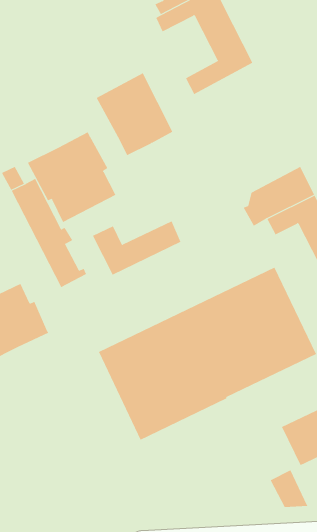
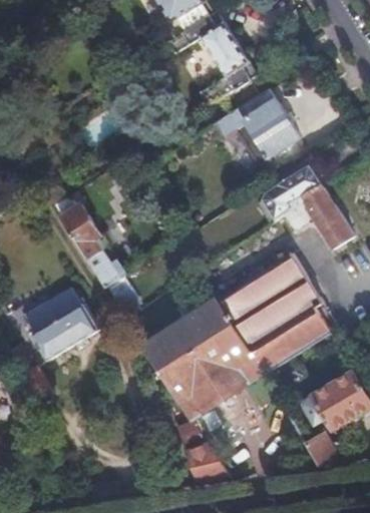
building: [96,73,173,156] -> [229,90,300,165]
building: [27,131,116,223] -> none
building: [92,221,181,275] -> none
building: none -> [184,442,227,485]

